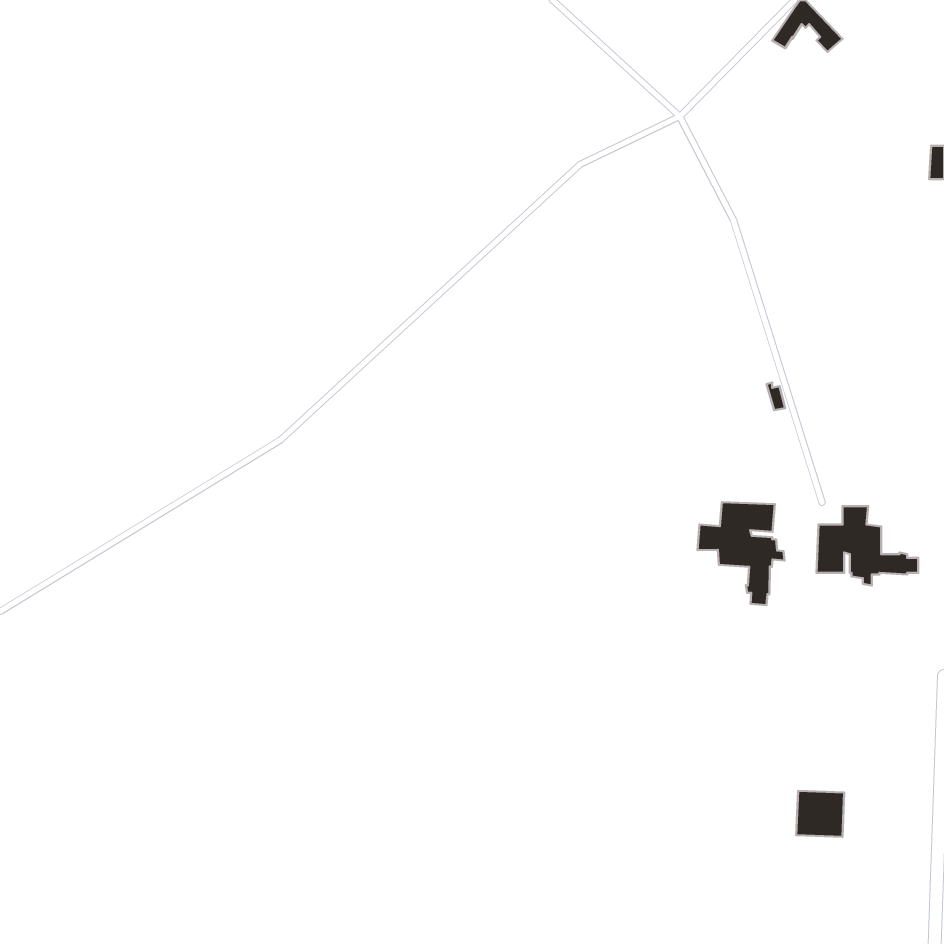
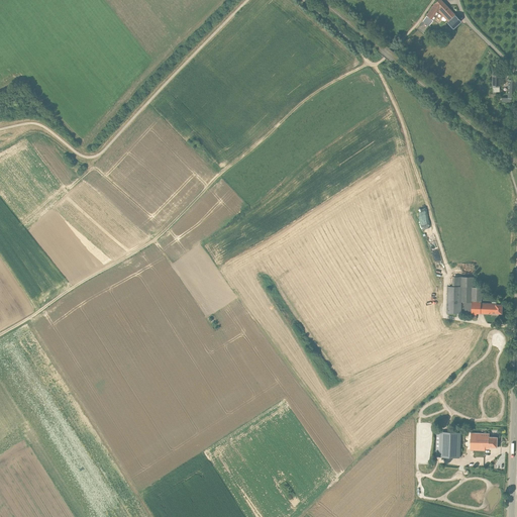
building: [697,502,785,605] -> none
building: none -> [471,433,498,458]

